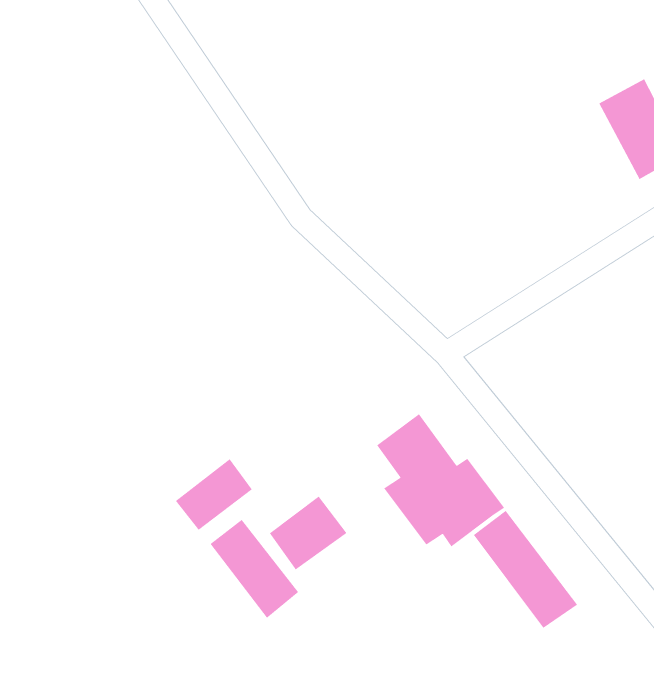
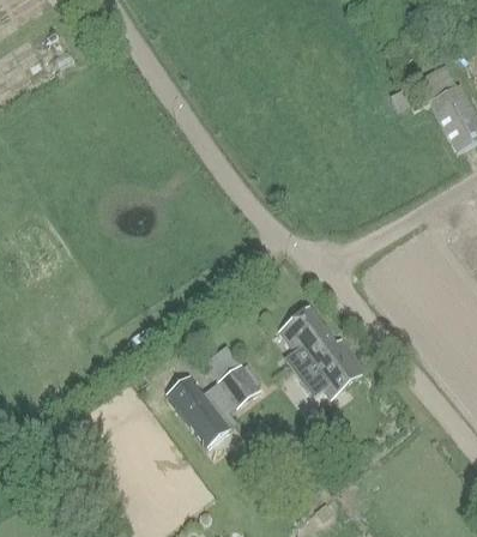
building: [175,458,253,531] -> none
building: [473,510,578,629] -> none

